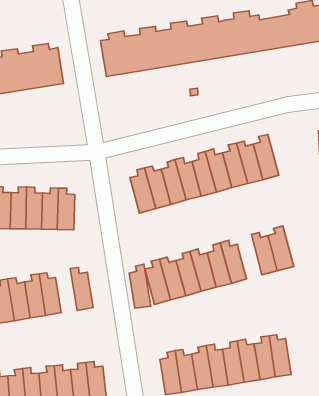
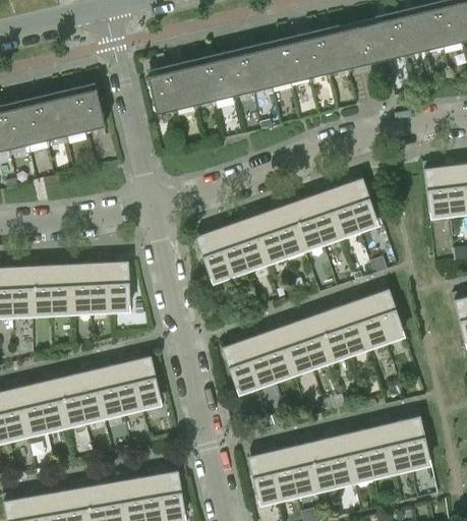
building: none -> [334,299,366,354]
building: [129,264,151,308] -> [113,357,142,412]
building: none -> [401,413,431,468]

